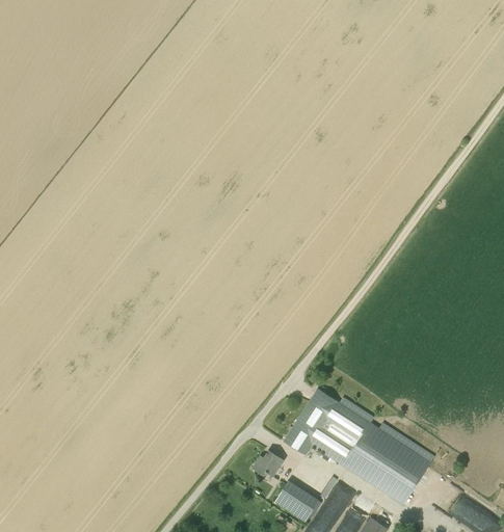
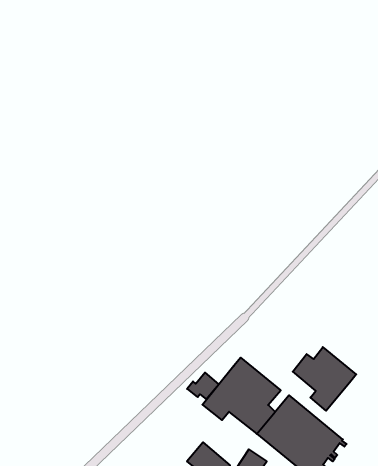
building: none -> [293,347,356,411]
building: [251,449,284,476] -> [187,373,219,399]

